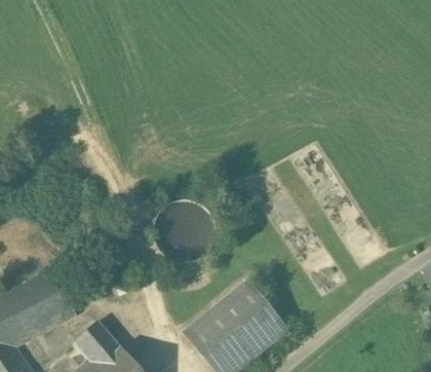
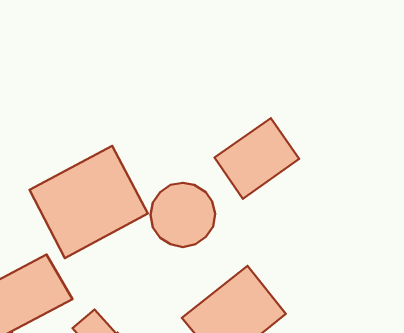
building: none -> [215,118,299,199]
building: none -> [29,146,148,258]

